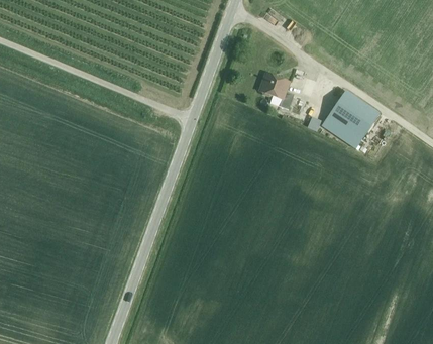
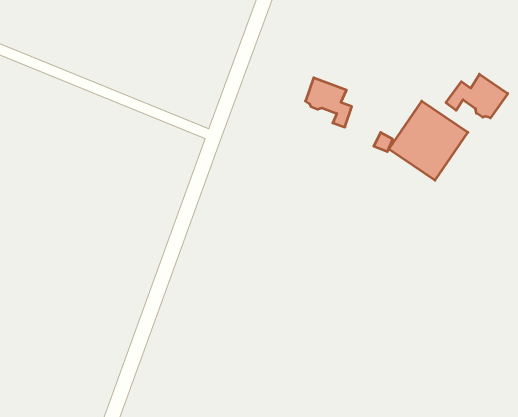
building: none -> [446,74,508,118]

